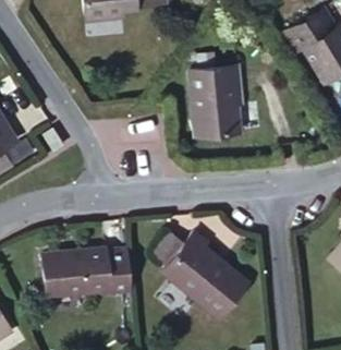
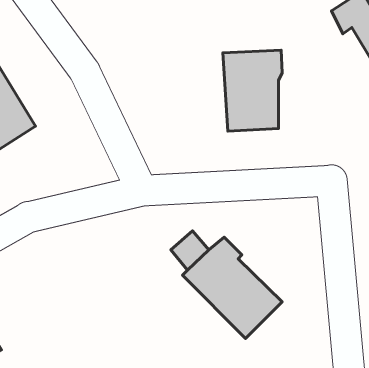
building: [42,245,134,286] -> none

